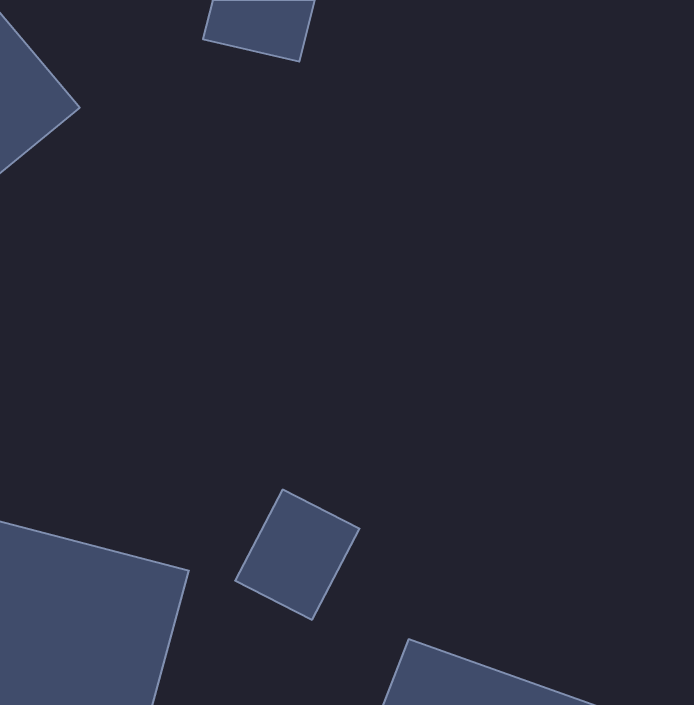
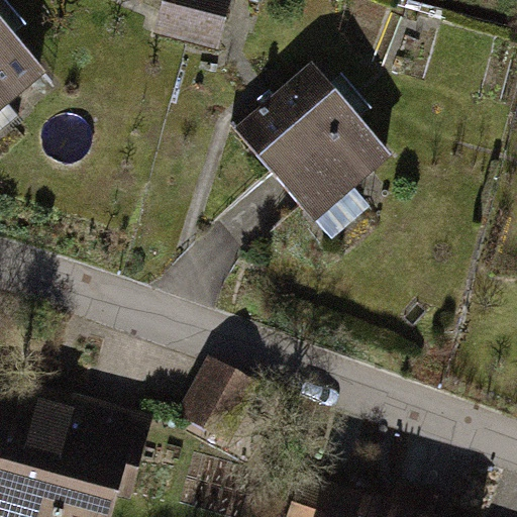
building: none -> [231,61,392,242]

